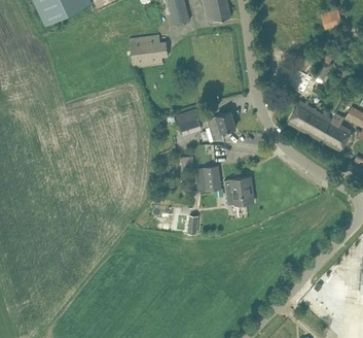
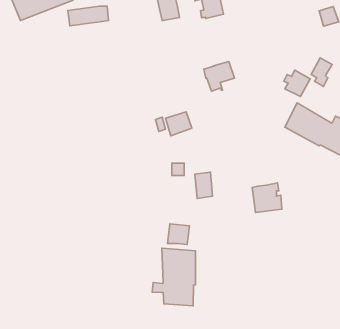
building: [130,42,168,61] -> [68,6,108,26]
building: [207,112,235,140] -> [204,62,234,91]
building: [225,177,253,205] -> [252,183,282,213]
building: none -> [152,248,195,306]

